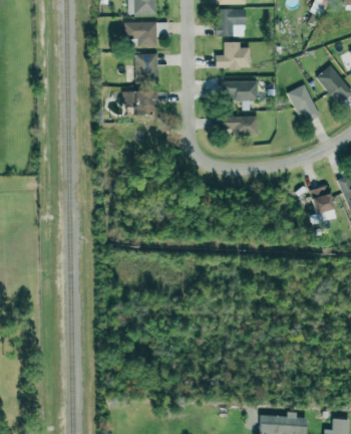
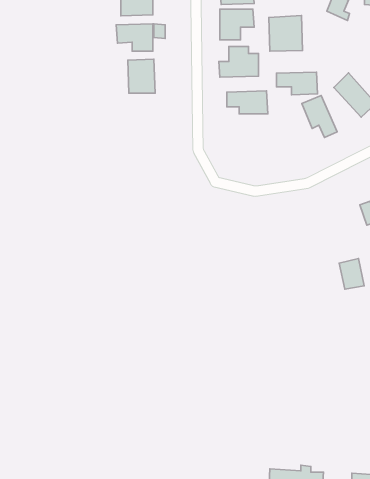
building: none -> [269,15,302,51]
building: [122,91,157,115] -> none
building: [222,117,258,137] -> [277,72,318,95]
building: [309,187,331,214] -> [339,259,364,289]

